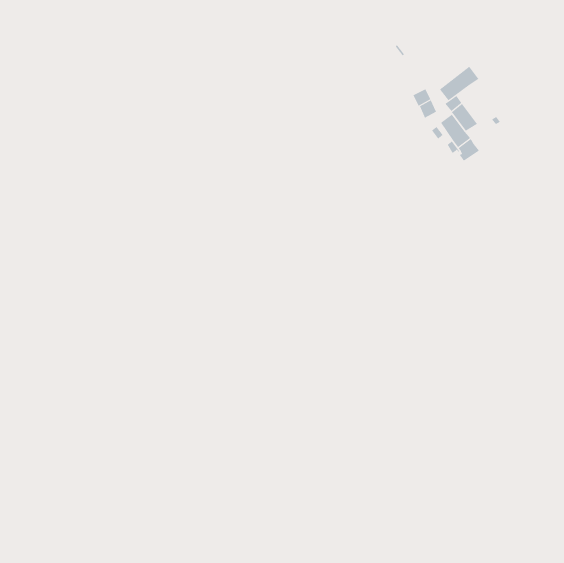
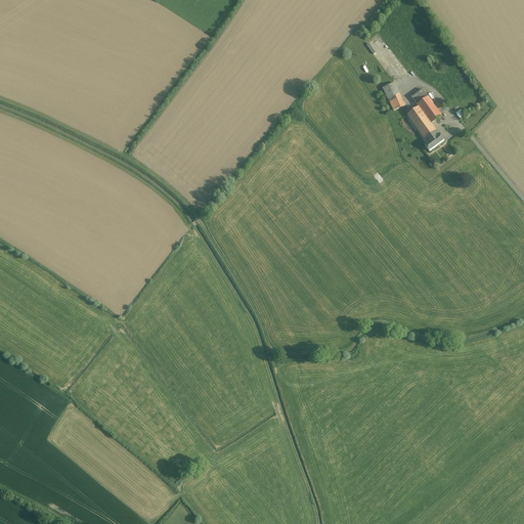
building: [439,66,479,101] -> none

